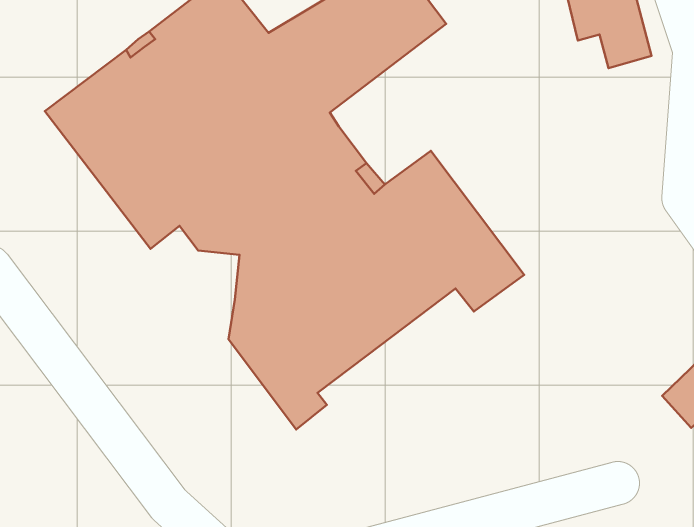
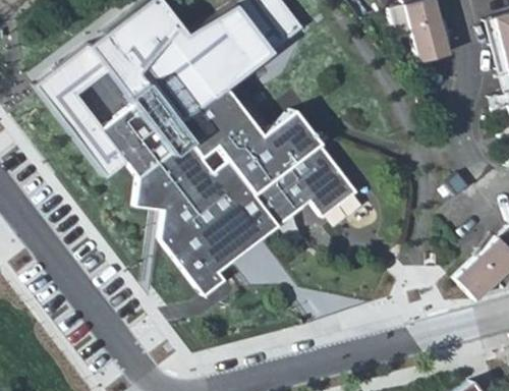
building: none -> [142,179,172,212]

